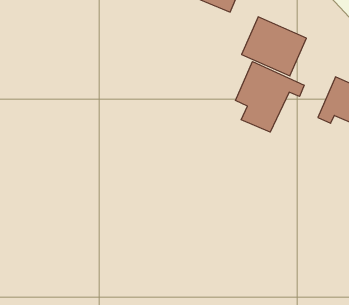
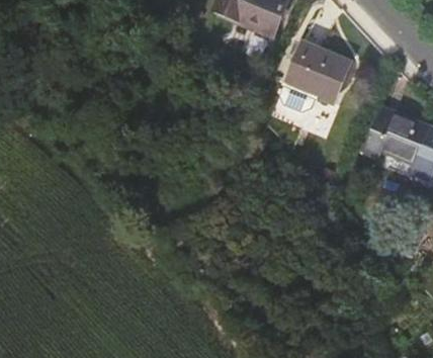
building: [235,62,304,132] -> none

